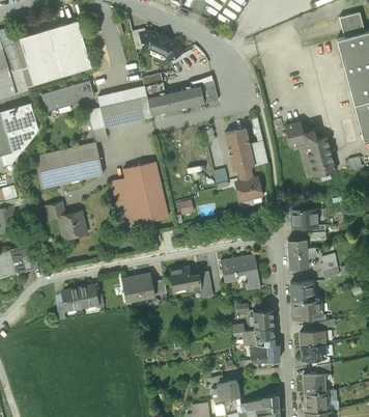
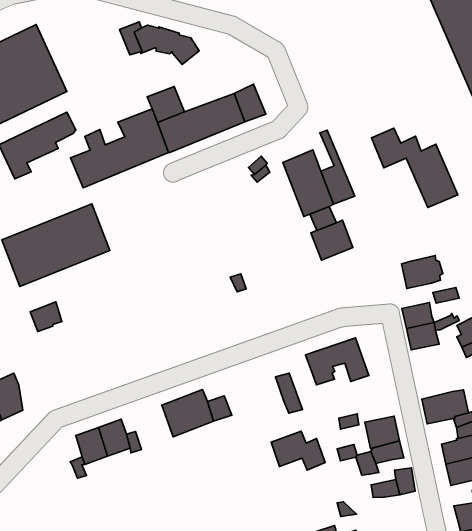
building: [110,162,168,229] -> none
building: [58,212,86,240] -> none
building: [168,267,201,293] -> [271,431,325,470]
building: [290,282,312,302] -> none

